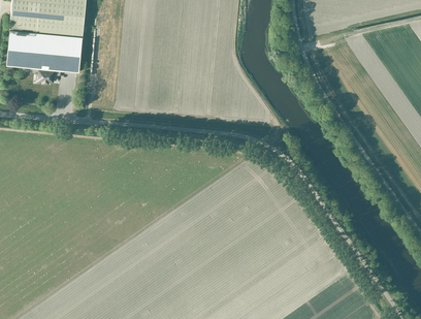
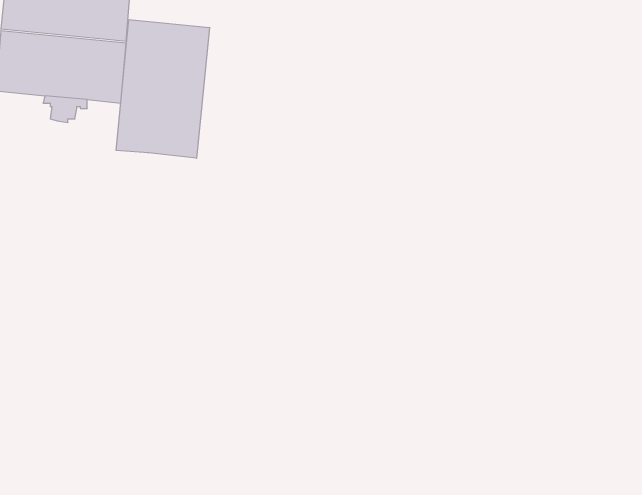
building: none -> [116,20,210,158]

